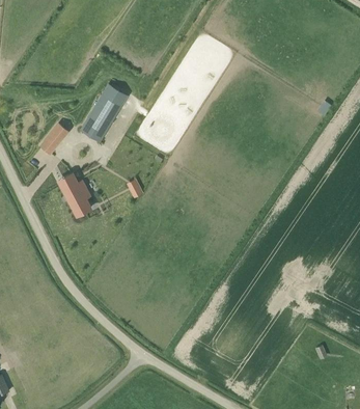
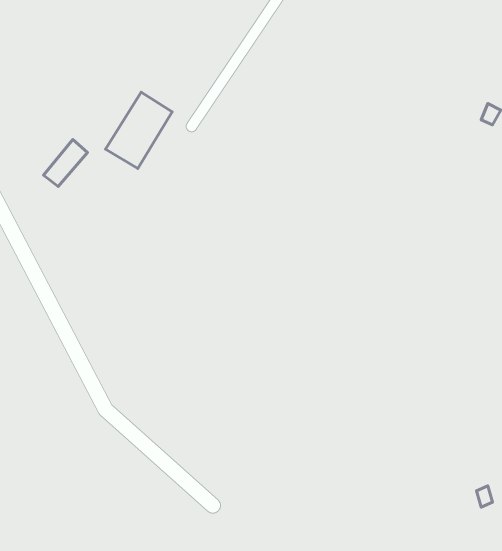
building: [58,172,88,215] -> none

